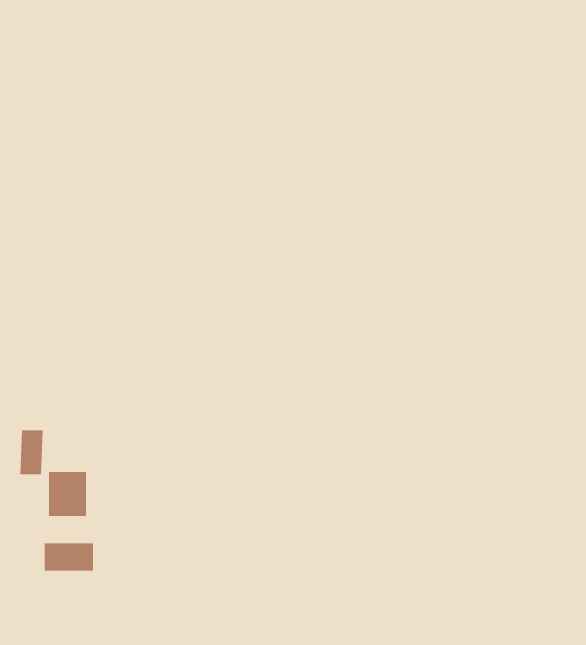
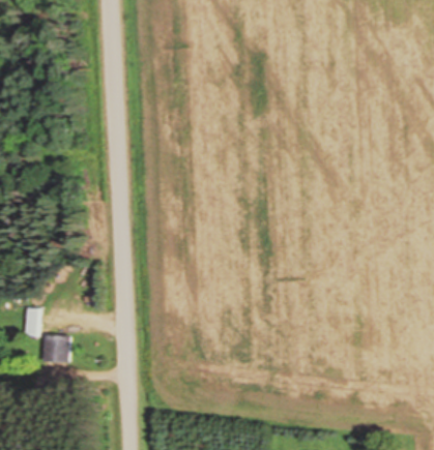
building: [44,542,94,572] -> none

